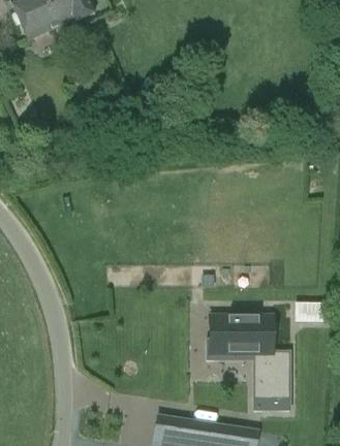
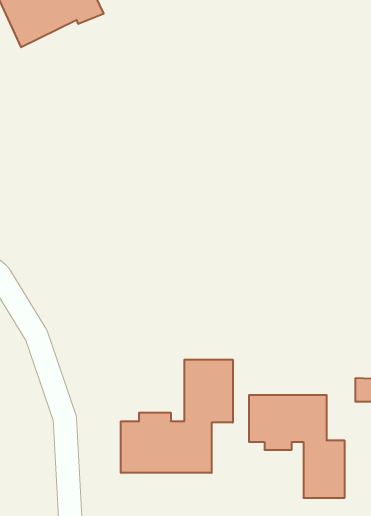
building: none -> [121,360,233,473]

